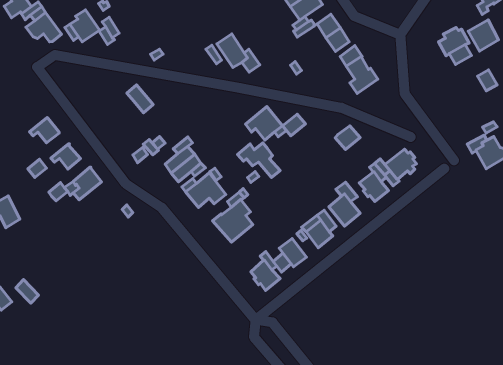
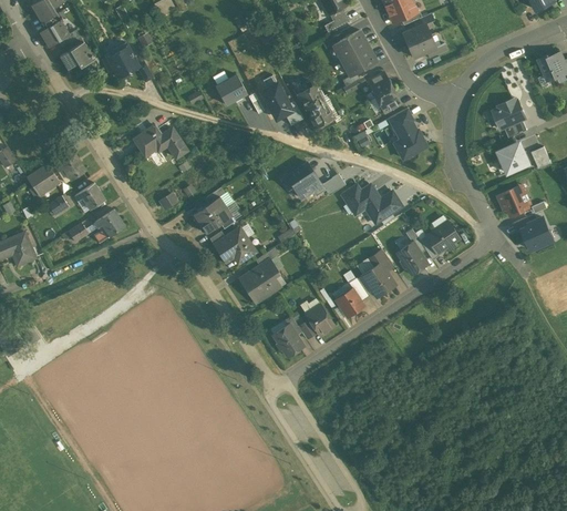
building: [468,20,498,51] -> [498,141,529,173]
building: none -> [215,74,247,105]
building: none -> [295,82,333,127]
building: none -> [134,125,167,155]
building: none -> [498,186,530,216]
building: none -> [27,164,59,195]
building: [238,143,280,178] -> [342,185,385,223]

